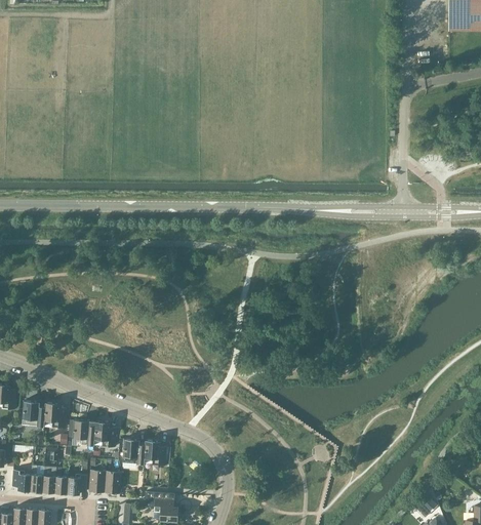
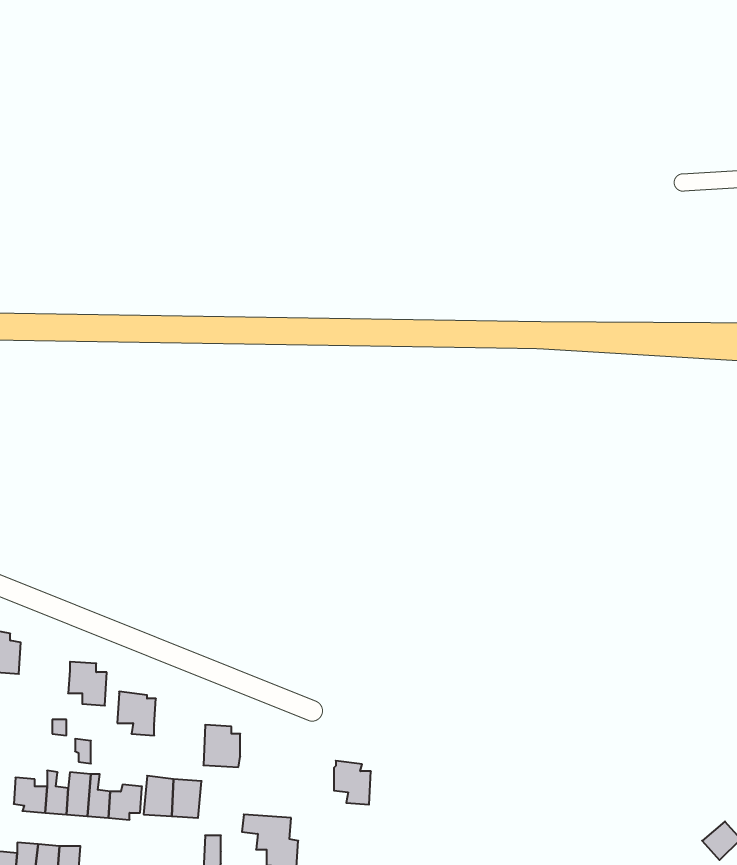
building: [22,401,44,427] -> none
building: [93,421,116,447] -> none
building: [144,440,165,466] -> [334,761,371,805]

